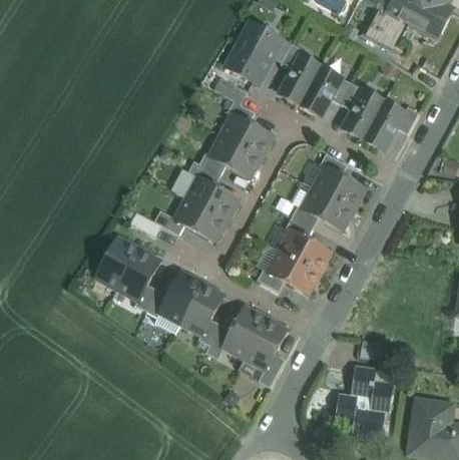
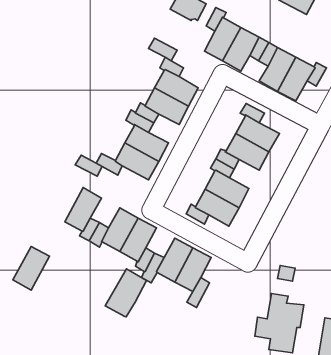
building: [227,45,271,83] -> none
building: [97,239,139,289] -> [13,246,50,290]
building: none -> [105,269,146,317]

